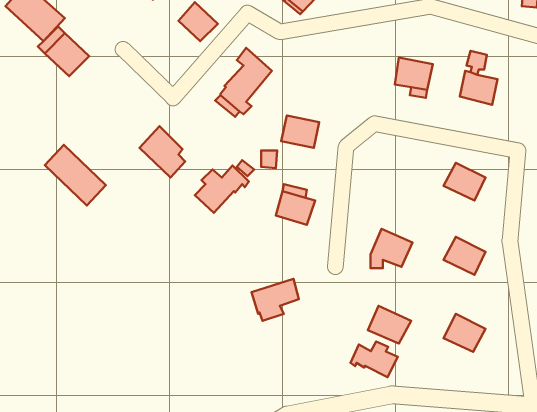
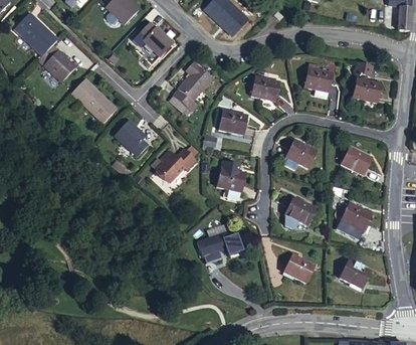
building: none -> [251,77,280,103]
building: [45,145,106,206] -> [71,77,117,123]
building: none -> [286,140,317,168]
building: [350,341,398,377] -> none

